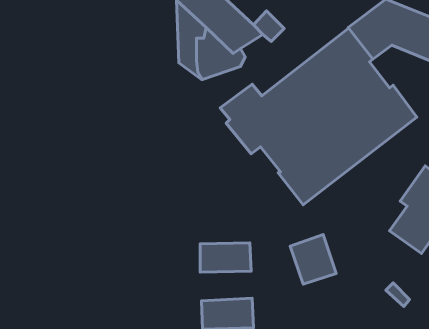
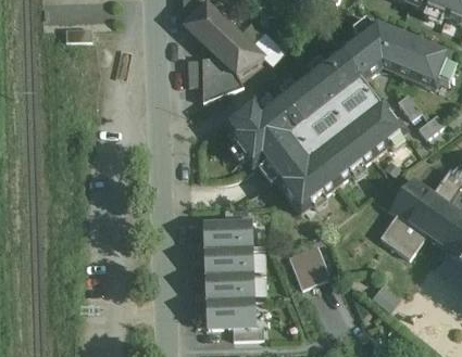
building: none -> [204,219,251,246]
building: none -> [205,271,253,298]

